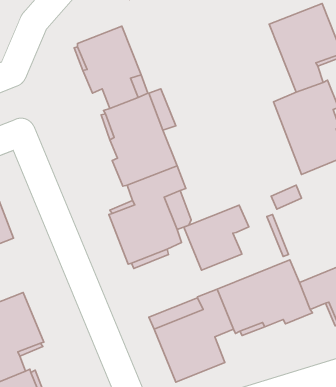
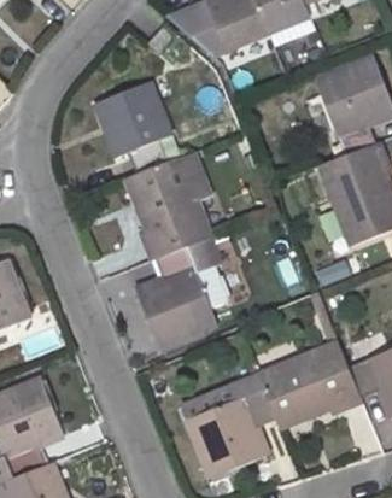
building: [184,205,249,270] -> none

